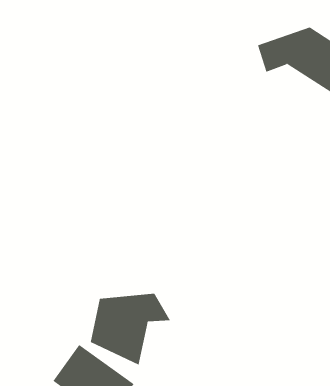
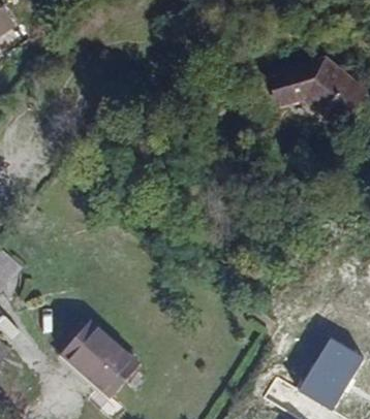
building: [90,293,171,365] -> none

